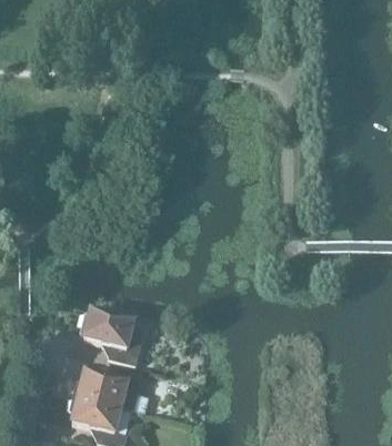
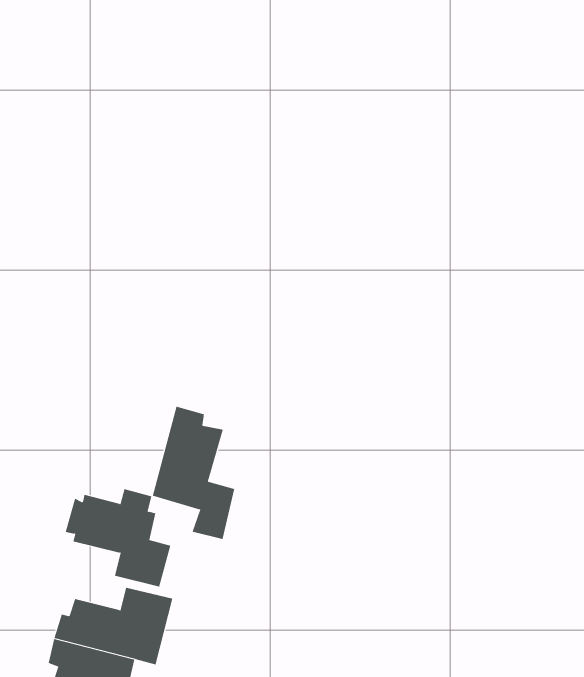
building: none -> [152,406,235,540]

